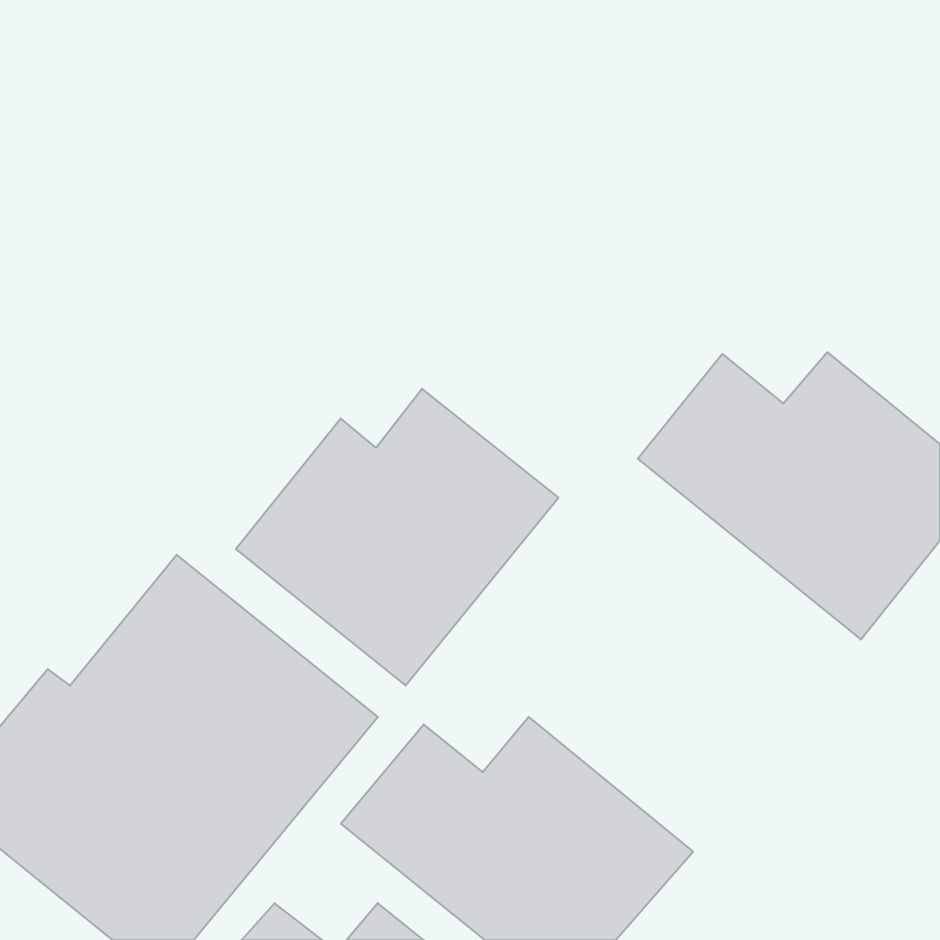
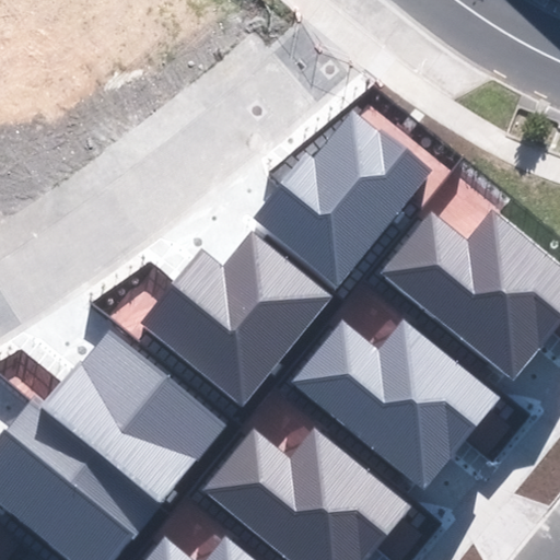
building: none -> [250,110,431,287]
building: none -> [291,317,499,489]

